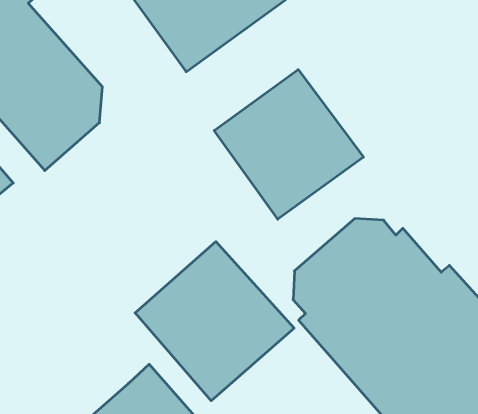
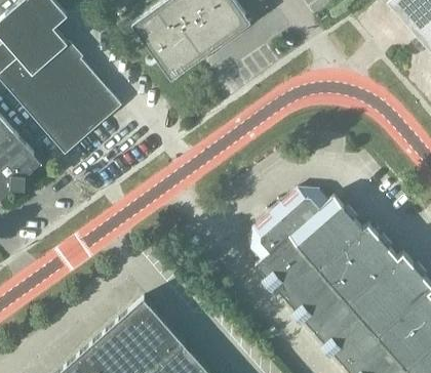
building: [214,70,363,219] -> none
building: [135,242,294,401] -> none

